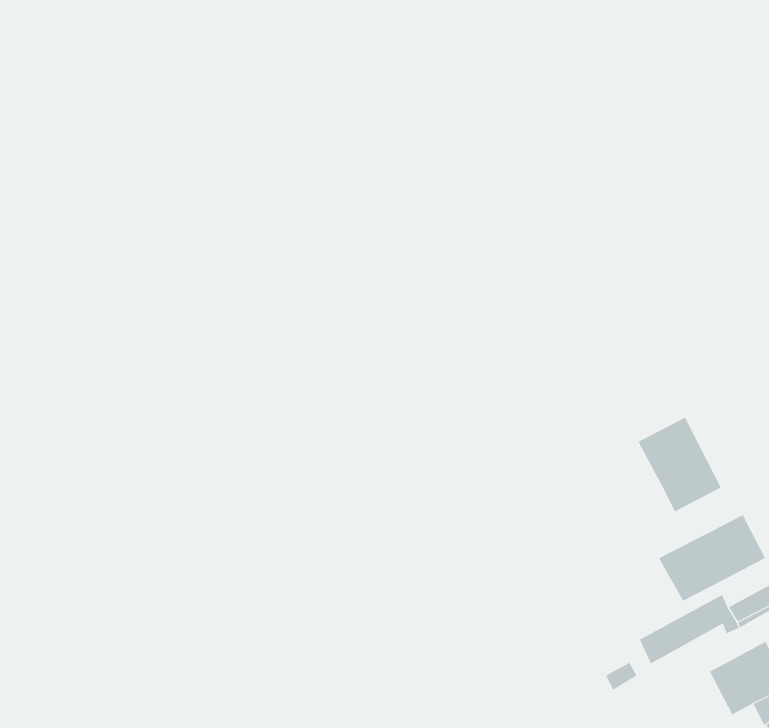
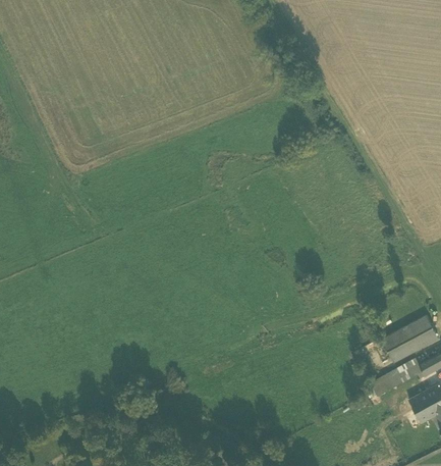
building: [638,417,721,512] -> none

